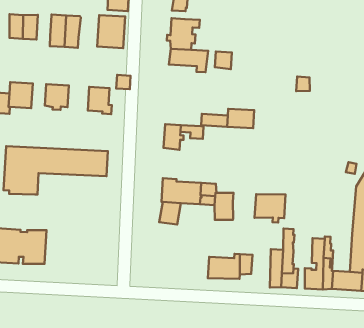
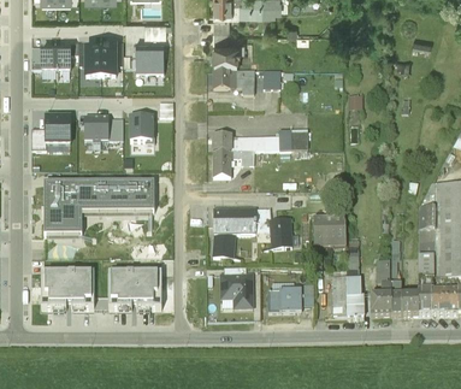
building: none -> [213,131,252,152]
building: none -> [108,272,161,310]
building: none -> [220,273,253,308]

